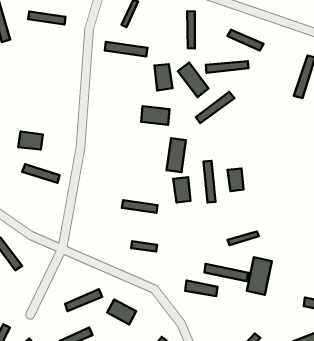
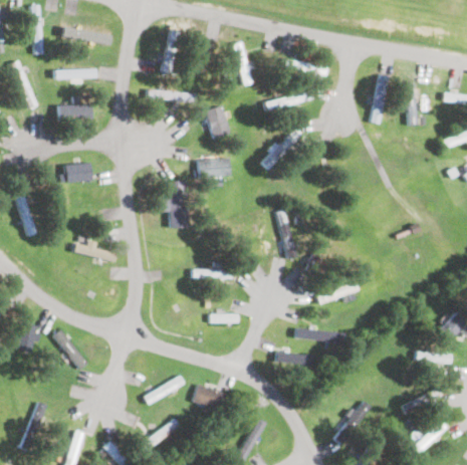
building: none -> [58,104,91,121]
building: [178,63,209,97] -> none
building: [18,131,43,149] -> [65,164,91,182]
building: [167,138,186,172] -> [171,189,188,226]
building: [228,169,244,191] -> none
building: [173,177,190,203] -> none
building: [247,257,272,295] -> none

